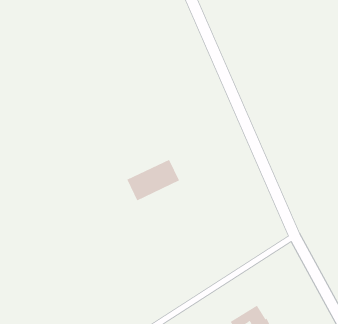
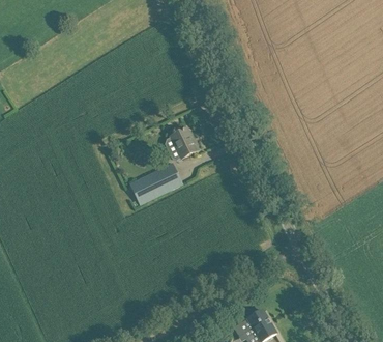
building: none -> [166,129,198,161]

